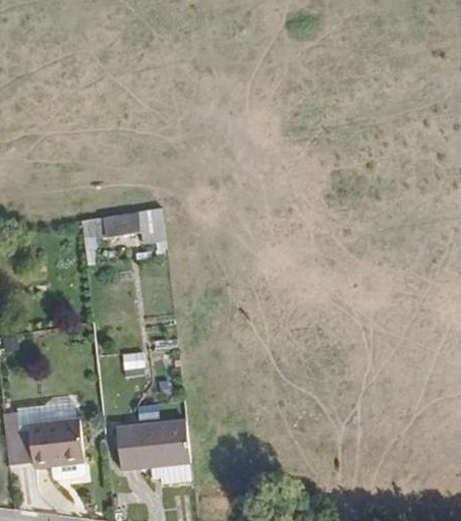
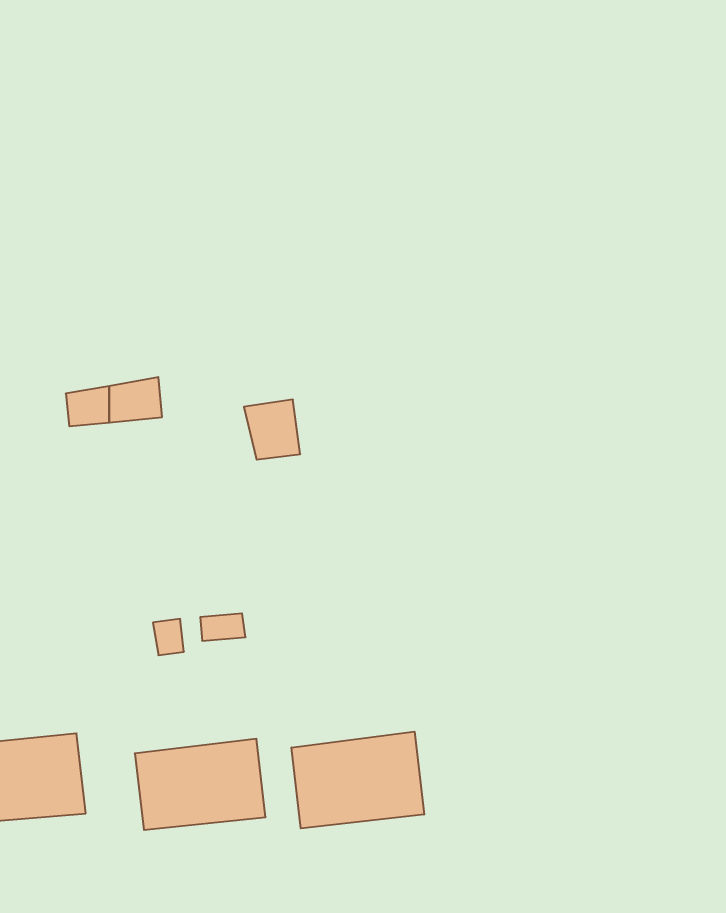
building: [132,210,164,243] -> [244,400,300,460]
building: none -> [292,732,424,828]

